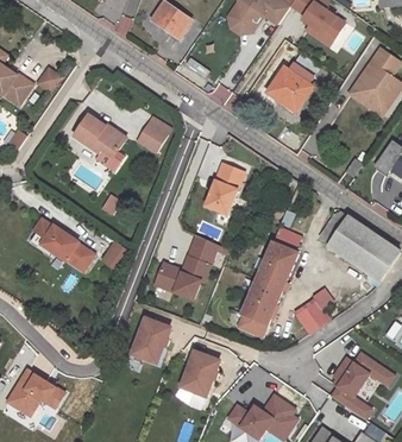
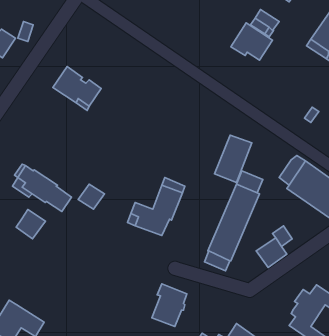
building: [136,125,167,156] -> none
building: [205,164,245,215] -> [215,135,252,182]
building: none -> [16,209,45,239]
building: [133,317,170,362] -> none

